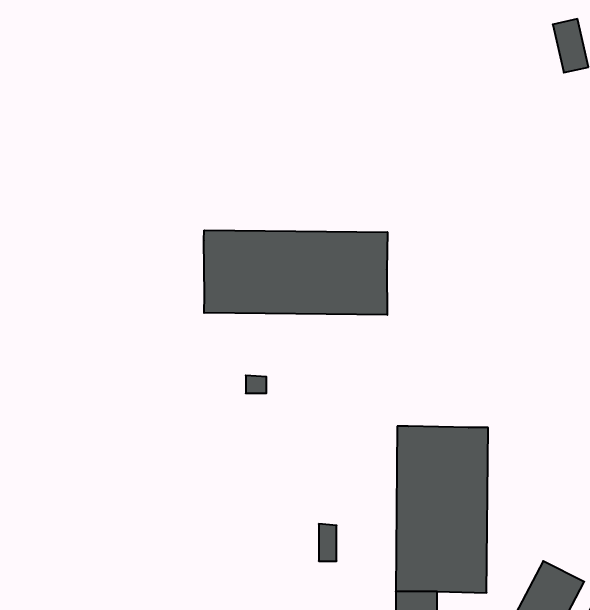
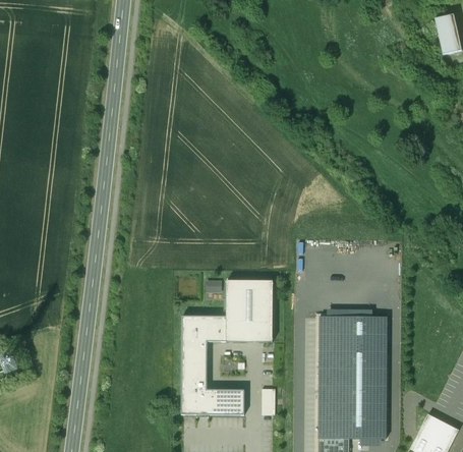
building: [204,230,387,315] -> none
building: none -> [181,280,273,416]

